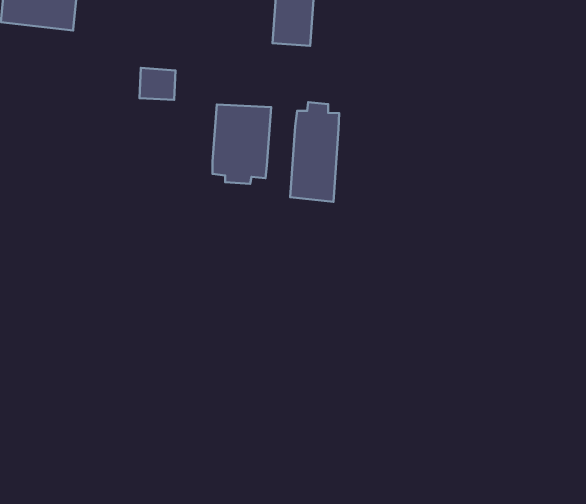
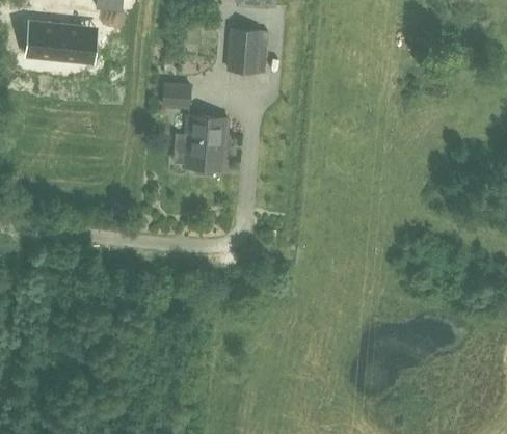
building: [139,68,176,100] -> [163,84,190,108]
building: [290,102,339,202] -> none

